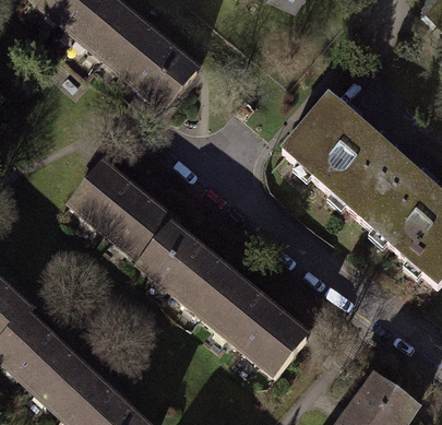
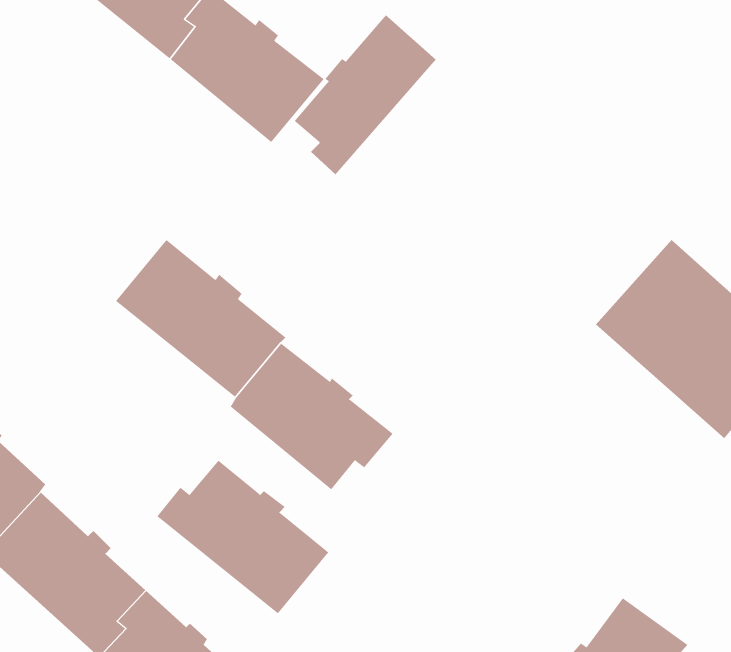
building: none -> [294,15,437,175]
building: [283,95,406,215] -> none
building: [202,281,306,374] -> [156,460,329,614]

